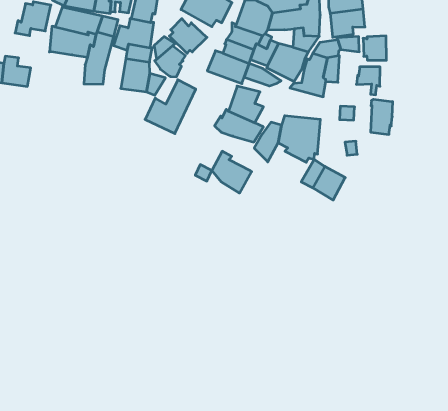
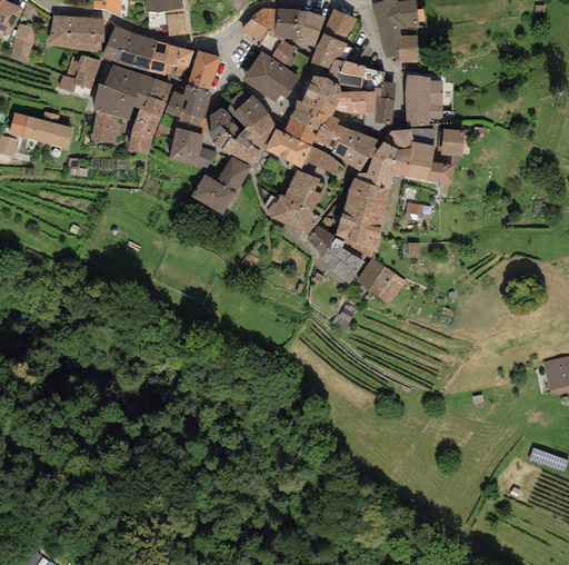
building: none -> [230,112,274,165]
building: none -> [90,111,118,143]
building: none -> [345,177,389,215]
building: [371,99,393,134] -> [407,140,435,180]
building: [212,151,252,193] -> [321,236,365,284]

